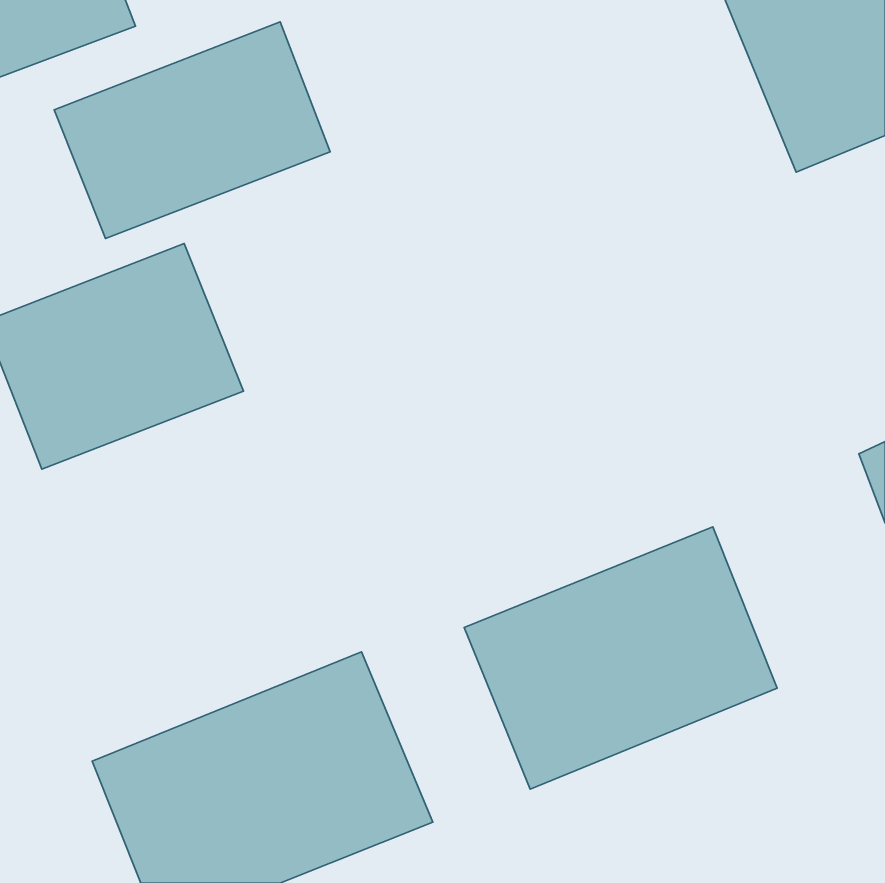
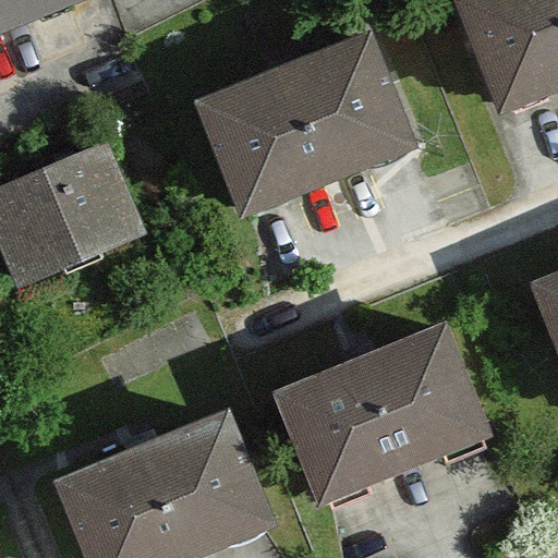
building: [54,22,330,238] -> none
building: none -> [191,37,404,213]

